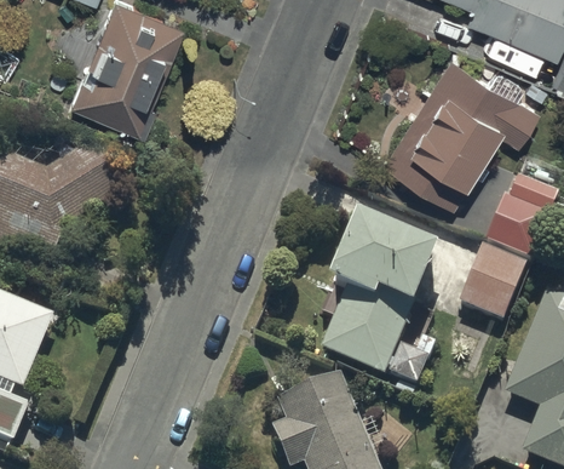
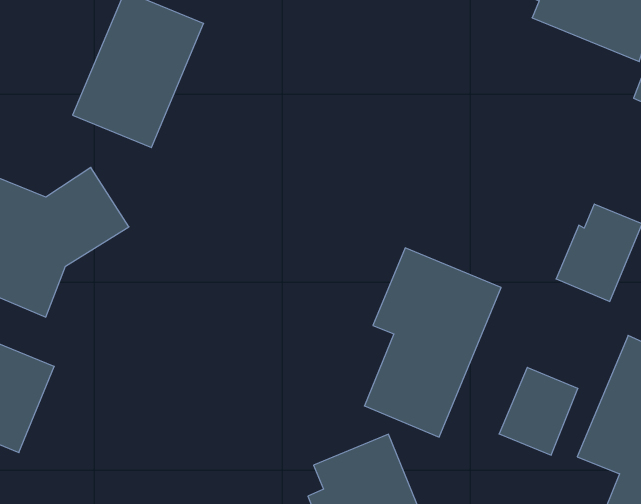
building: [382,57,539,207] -> none
building: [460,250,528,325] -> [499,367,578,455]

